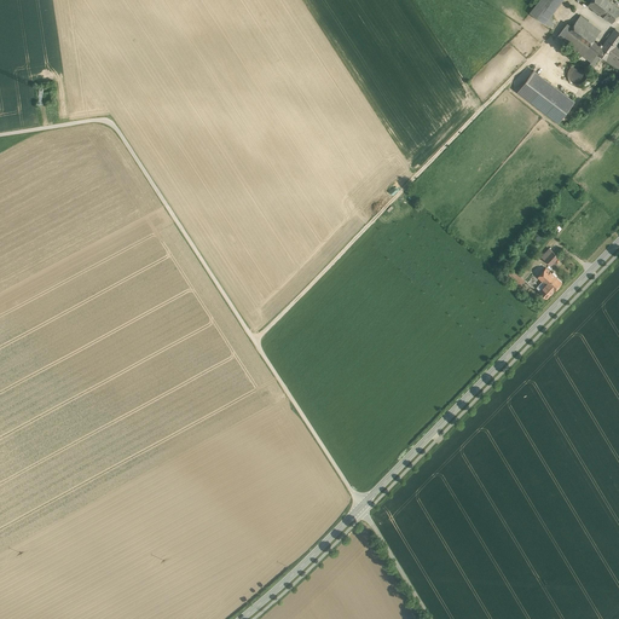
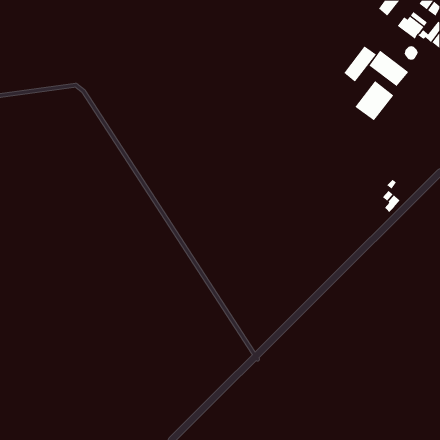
building: none -> [343,46,377,83]
building: none -> [355,80,394,121]

